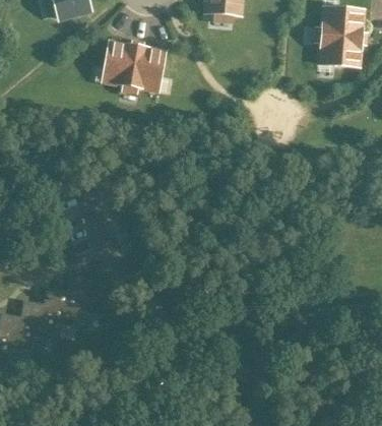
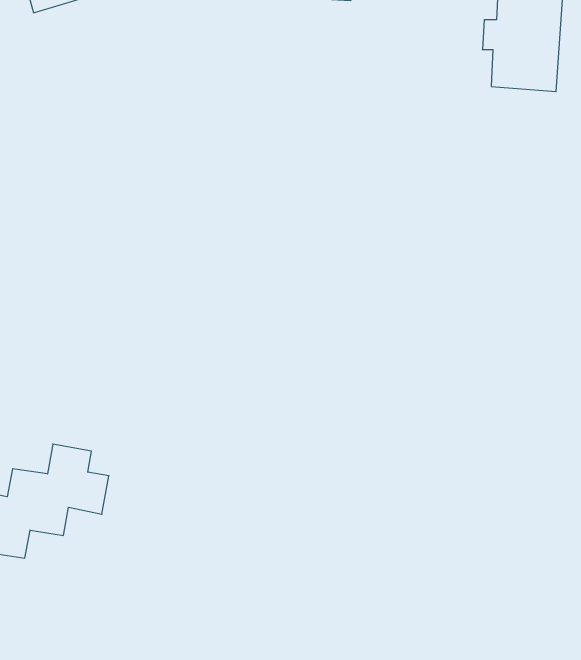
building: [102,39,166,88] -> none

